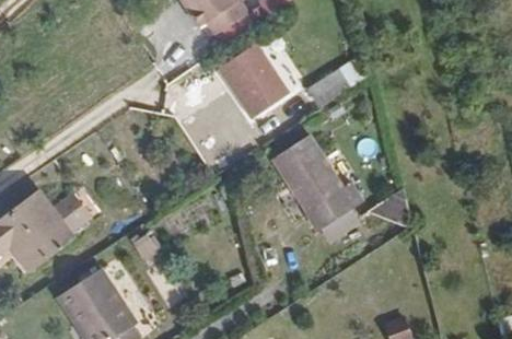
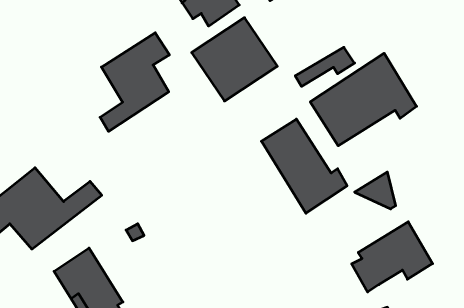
building: none -> [100,33,169,131]
building: none -> [310,53,417,146]
building: none -> [352,222,433,292]

